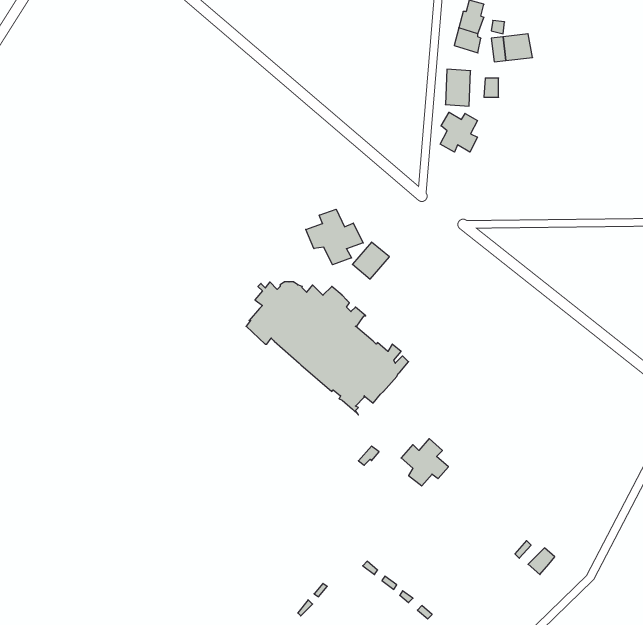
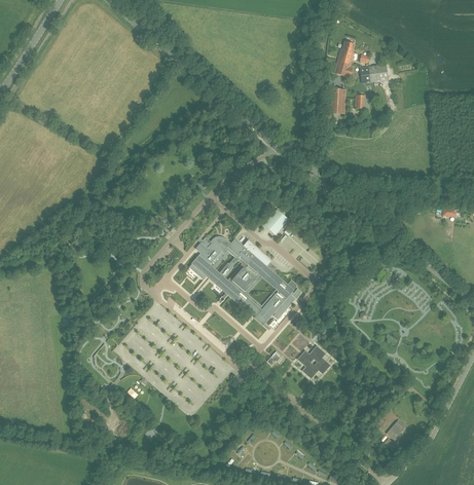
building: [440,112,477,152] -> none
building: [306,209,363,265] -> none

